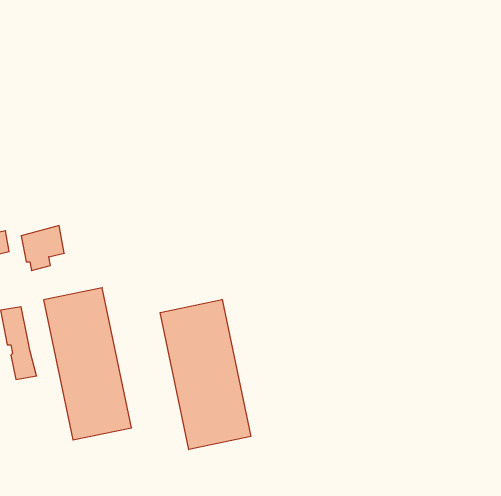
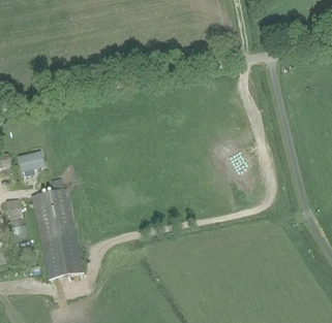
building: [160,299,251,450] -> none

